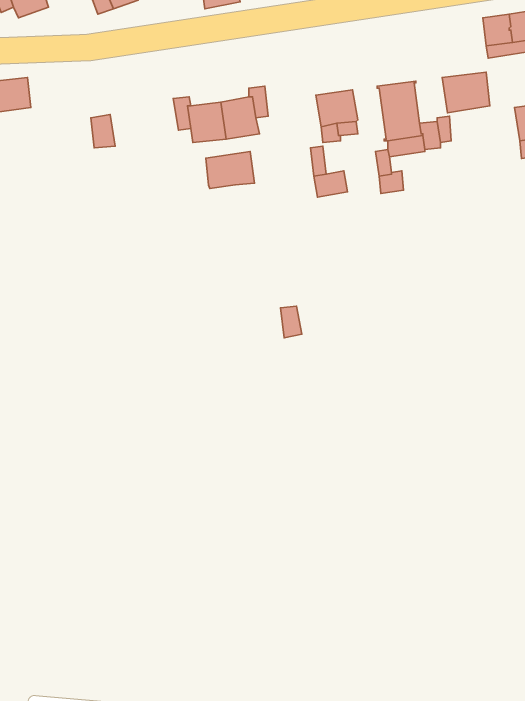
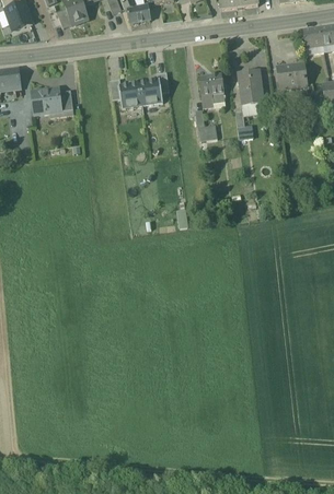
building: none -> [32,87,60,111]
building: [206,151,255,188] -> none

